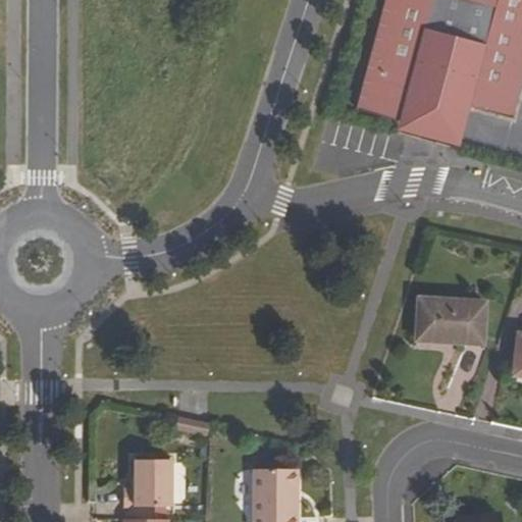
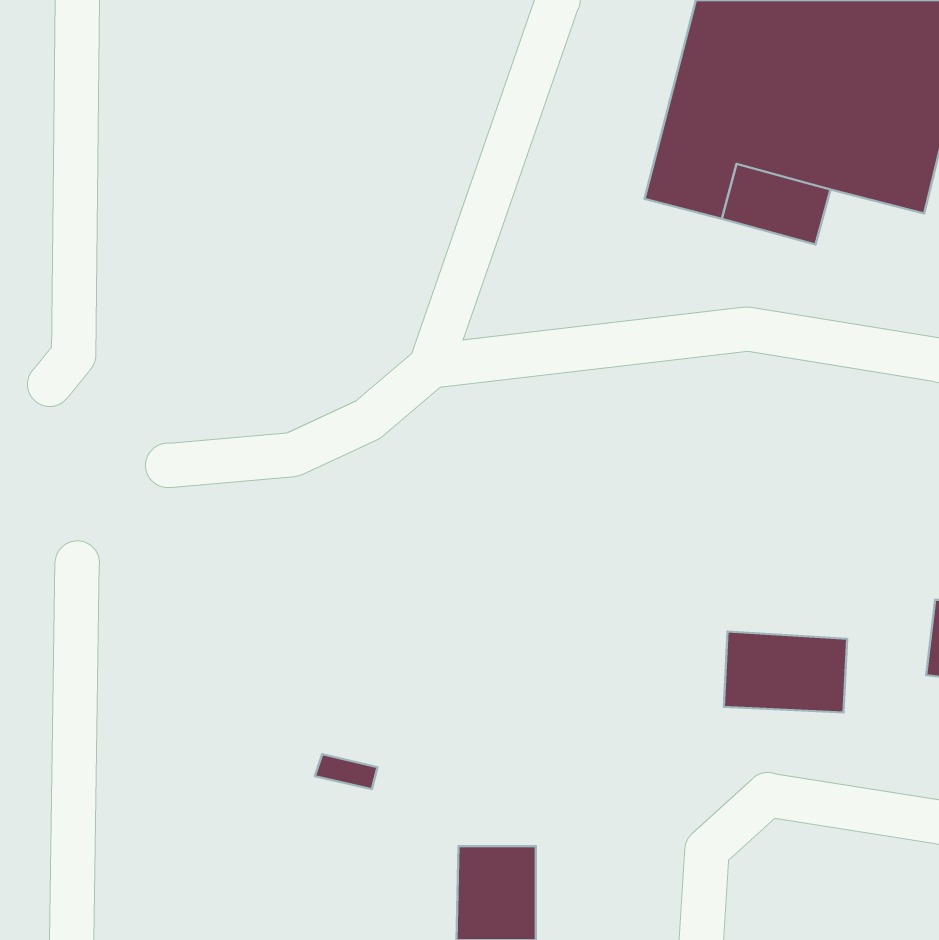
building: [417,298,485,343] -> [724,632,847,713]
building: [124,459,172,506] -> none

